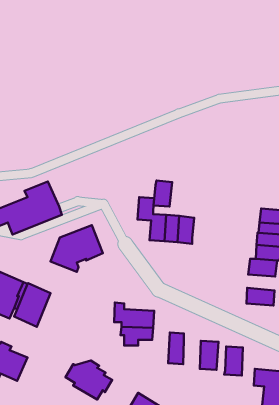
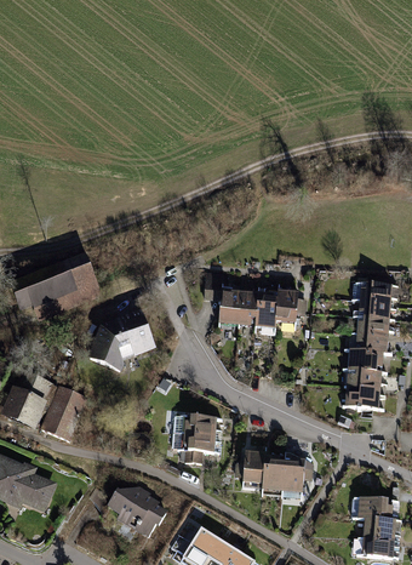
building: [154,180,172,207] -> [271,292,296,326]
building: none -> [343,372,379,393]
building: [224,347,243,376] -> [258,457,282,495]

